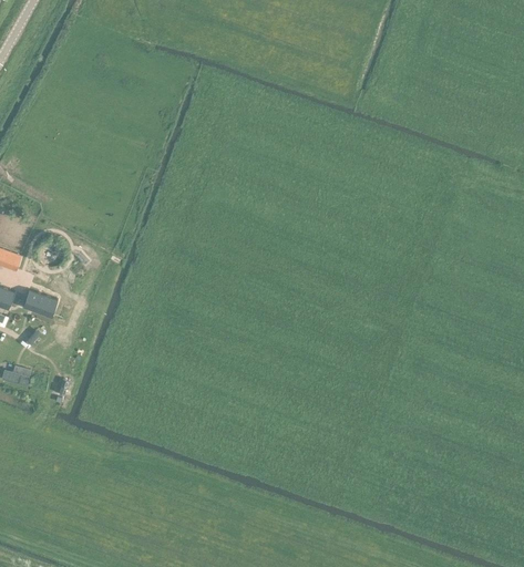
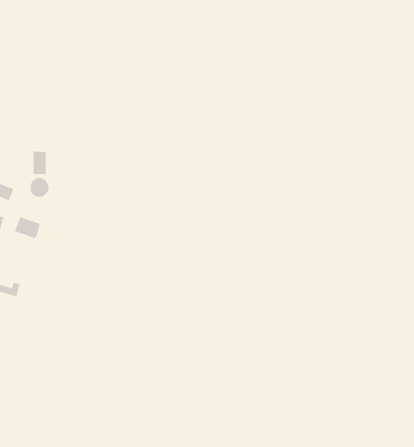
building: none -> [33,147,46,175]

